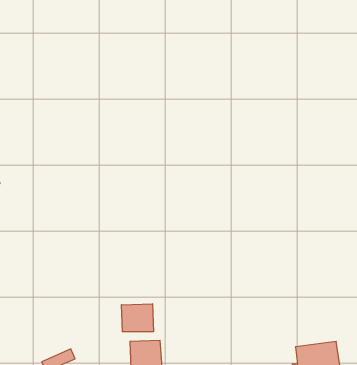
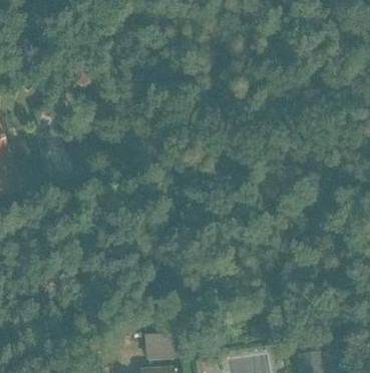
building: [121,304,153,332] -> none

